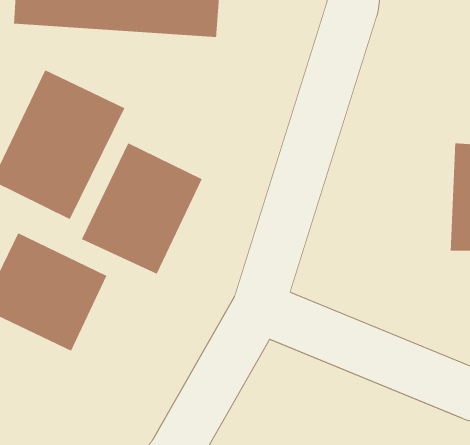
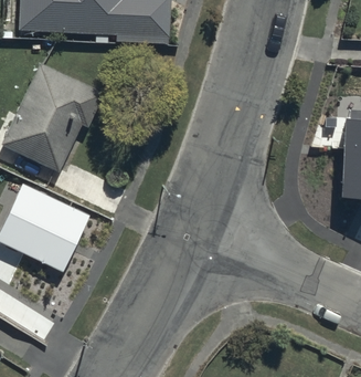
building: [81,142,203,275] -> none

